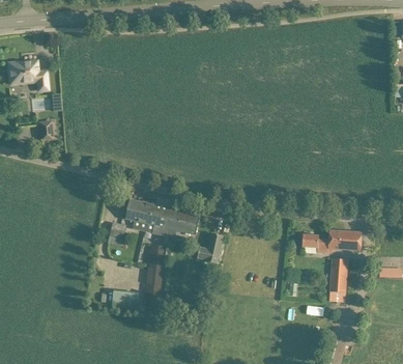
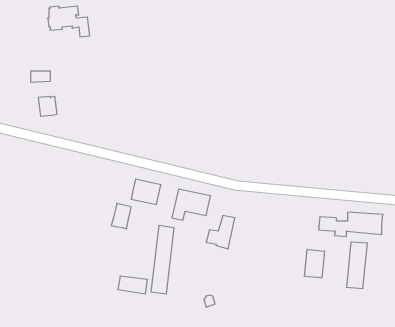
building: [7,61,47,90] -> [48,6,90,37]
building: [149,204,170,235] -> none
building: none -> [305,249,324,278]

